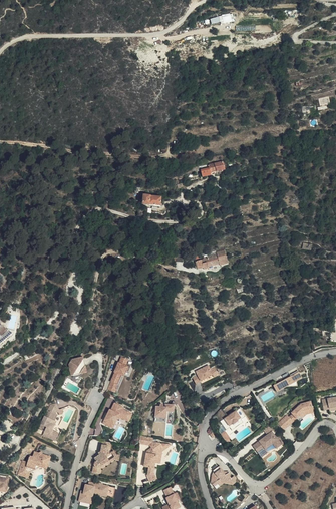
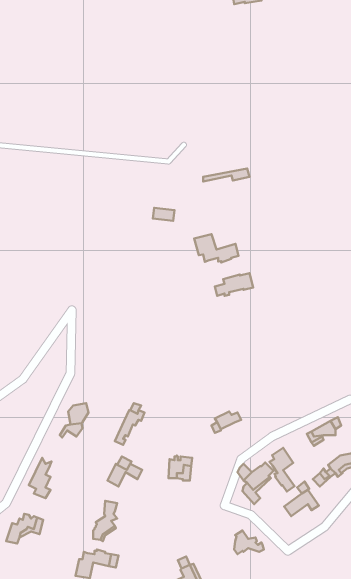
building: none -> [194,234,239,263]
building: none -> [269,448,295,491]
building: [143,438,162,482] -> none

